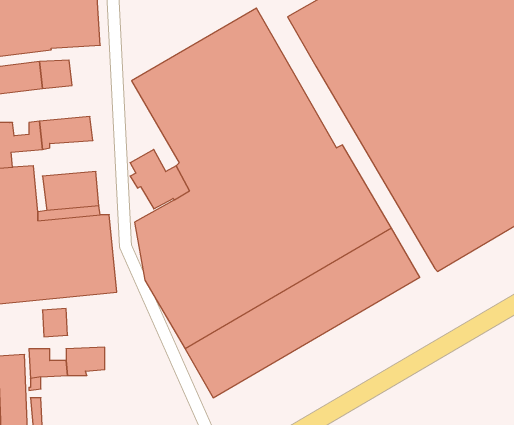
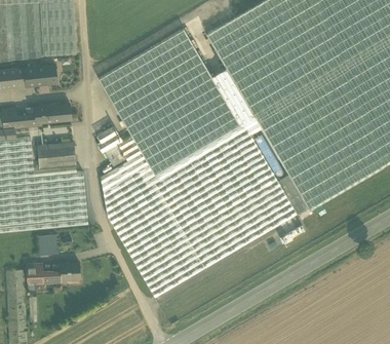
building: none -> [212,68,308,214]

